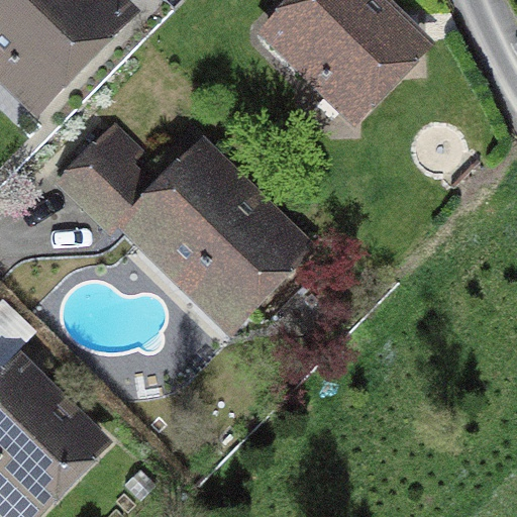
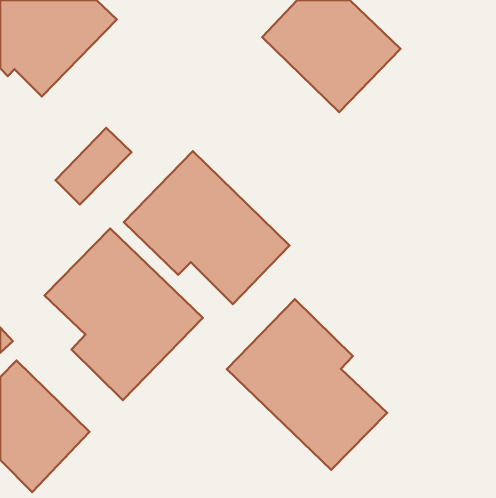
building: none -> [44,229,203,400]
building: none -> [227,299,387,470]

